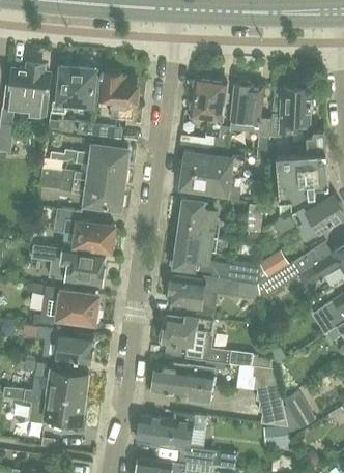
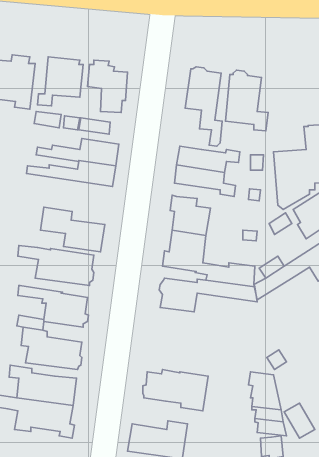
building: [268,83,311,138] -> none
building: [39,178,122,209] -> none
building: [160,317,253,366] -> none

